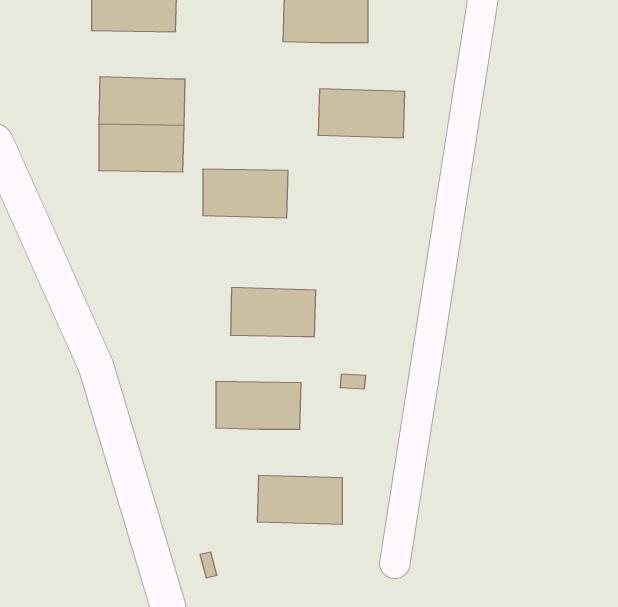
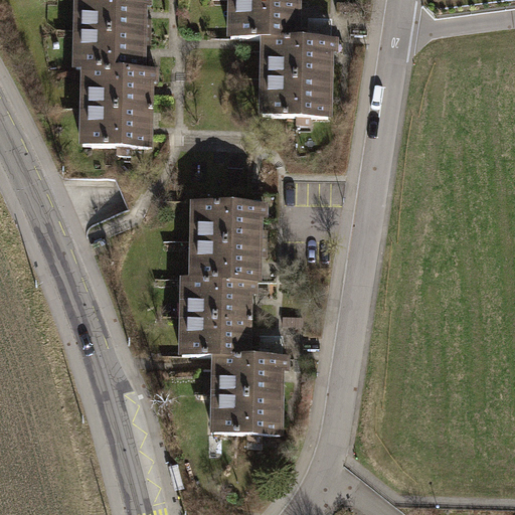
building: none -> [74,25,145,65]
building: none -> [264,35,334,75]
building: [203,169,288,218] -> [191,199,262,239]
building: none -> [178,276,249,316]
building: none -> [213,354,284,394]

